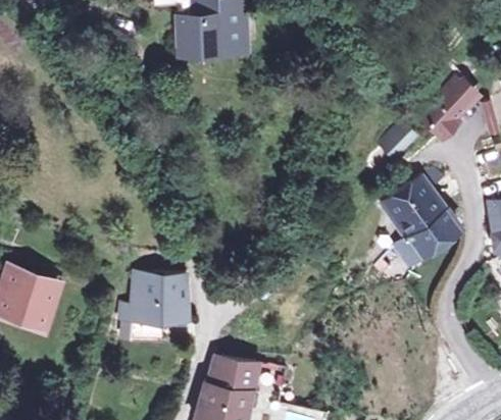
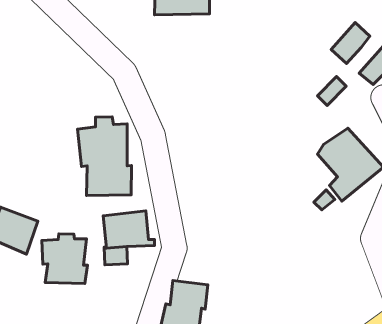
building: none -> [331,22,370,63]
building: none -> [77,117,132,195]
building: none -> [42,234,87,284]

